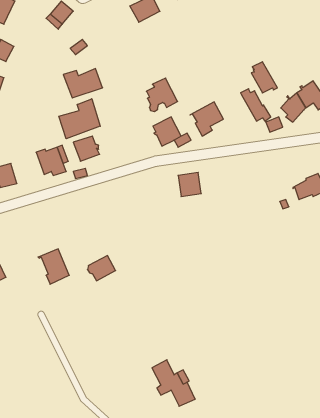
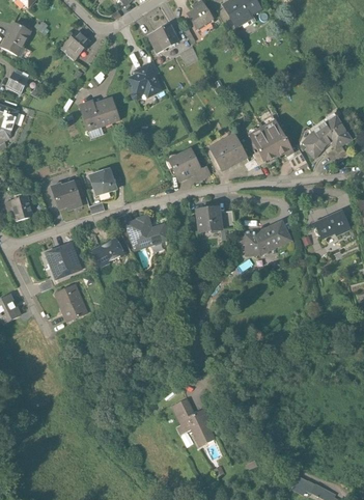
building: [251,62,277,93] -> [251,127,278,159]
building: [146,78,178,111] -> [129,64,161,99]
building: [59,99,100,139] -> none
building: none -> [127,216,168,249]
building: none -> [245,220,290,251]
building: none -> [45,243,80,276]
building: [87,256,116,281] -> [93,239,122,265]

